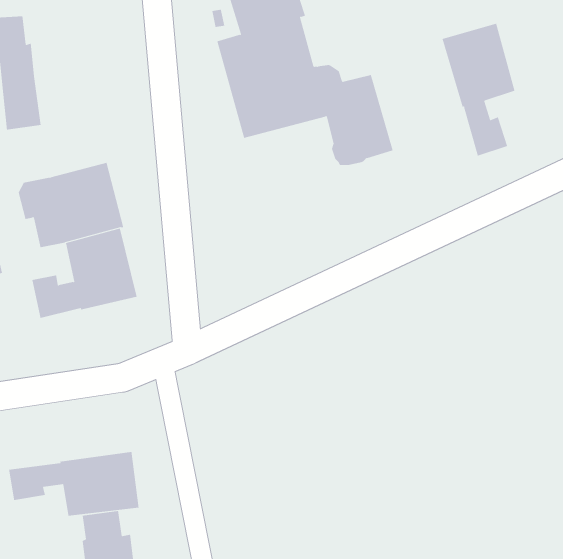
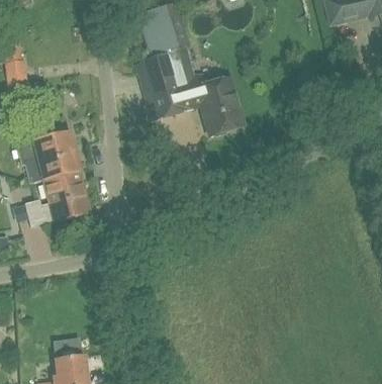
building: [442,23,515,157] -> none
building: [9,451,139,516] -> none

